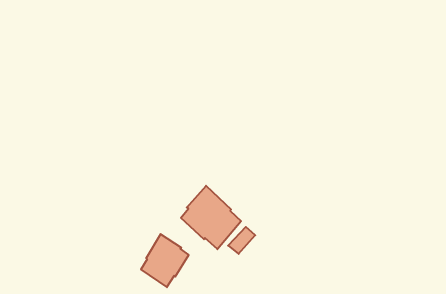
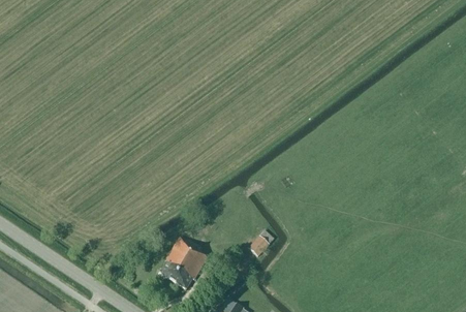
building: [181,186,241,249] -> none

